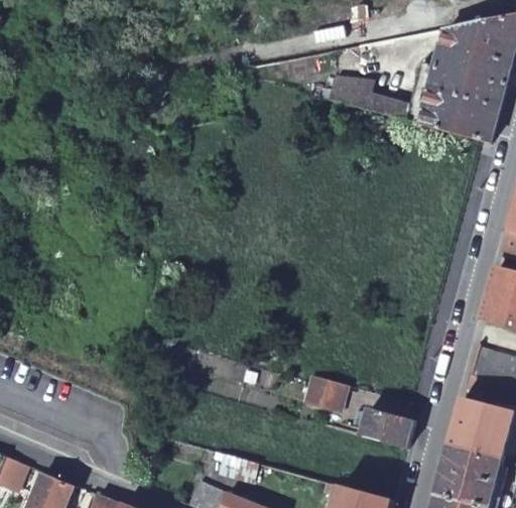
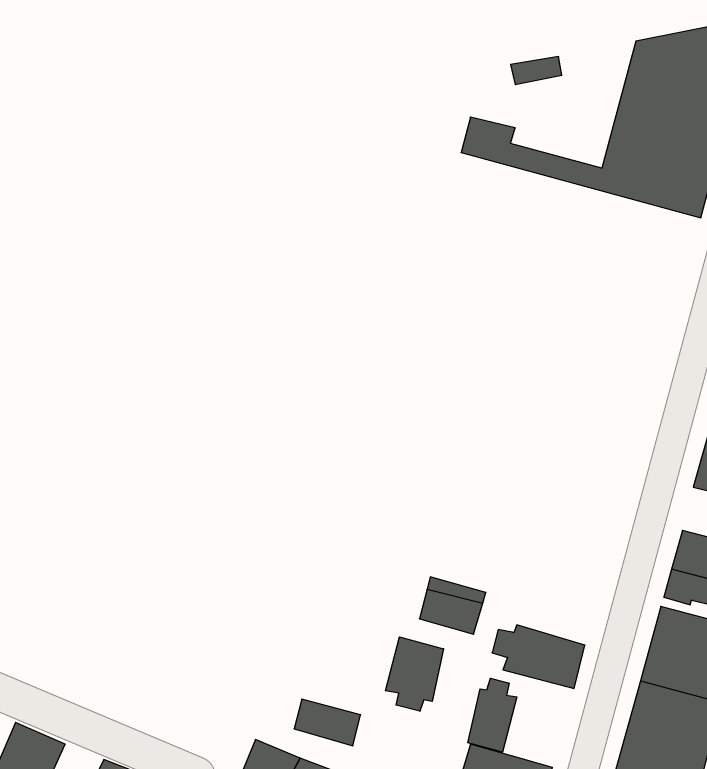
building: none -> [385,637,444,711]
building: none -> [468,678,517,752]

